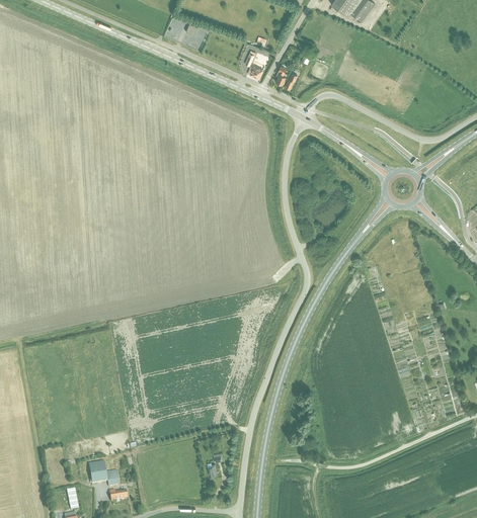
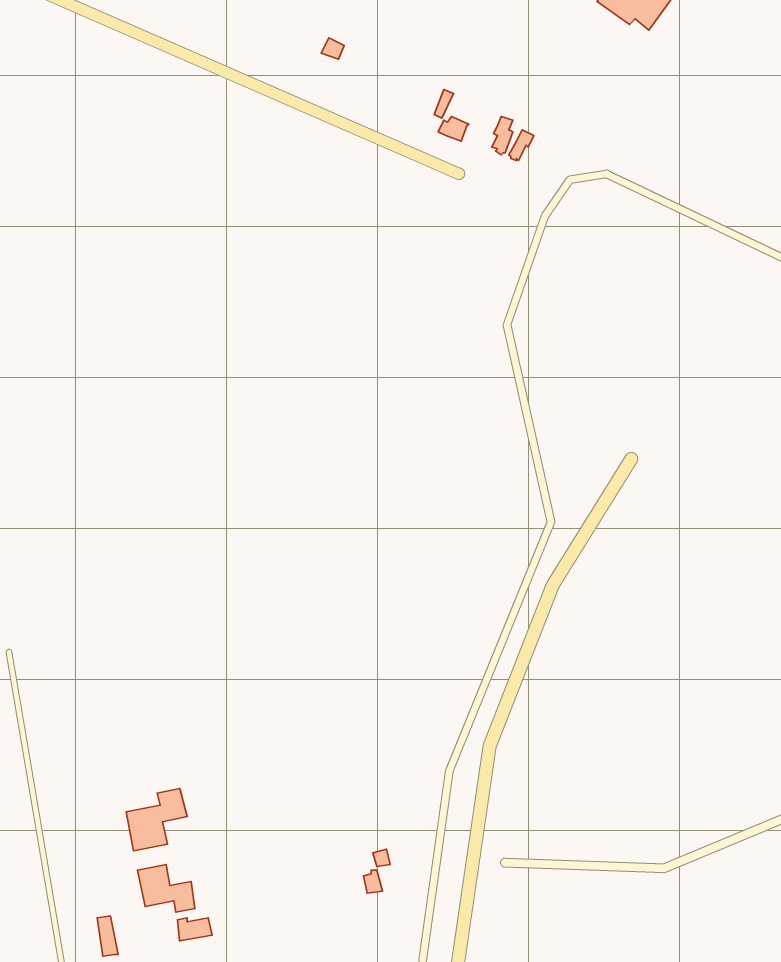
building: none -> [126,789,187,851]

